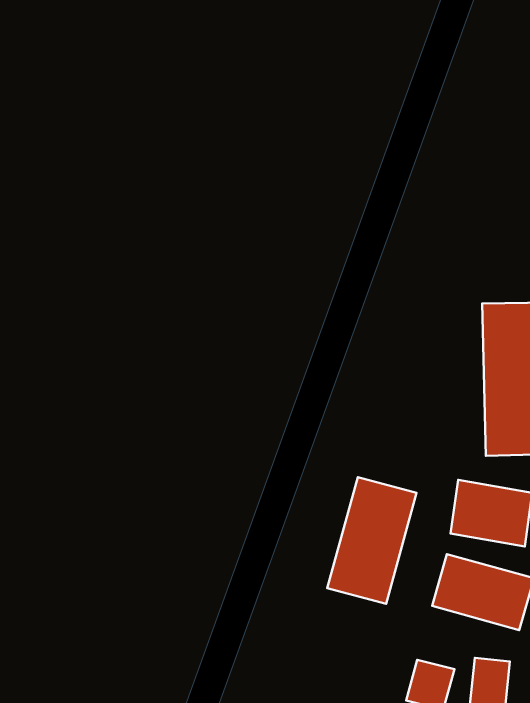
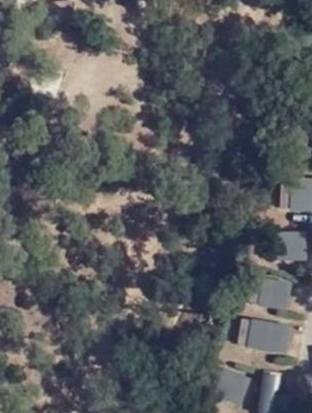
building: [327,477,417,604] -> none

